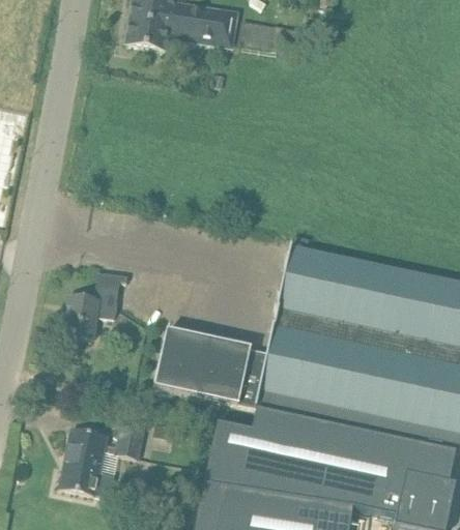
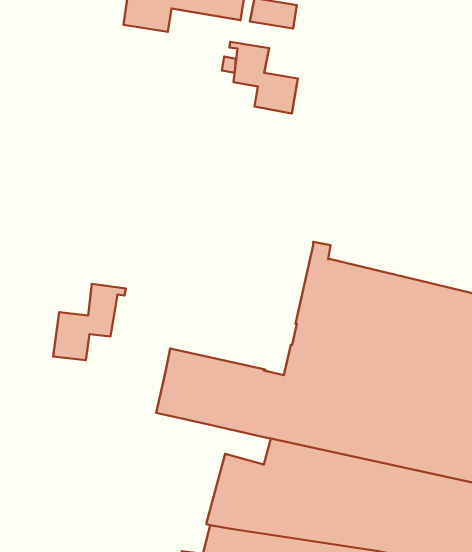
building: none -> [229,42,298,114]
building: [60,422,146,496] -> none

